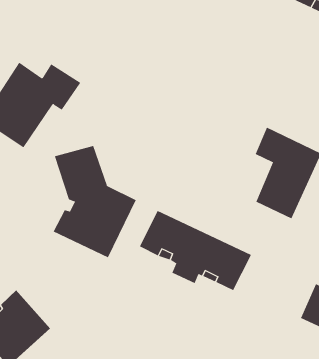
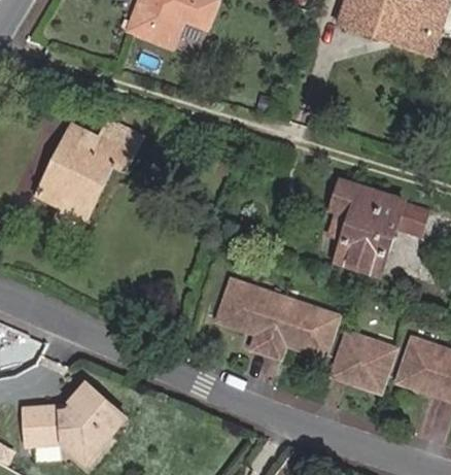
building: [53,145,136,258] -> none
building: none -> [327,332,389,386]

